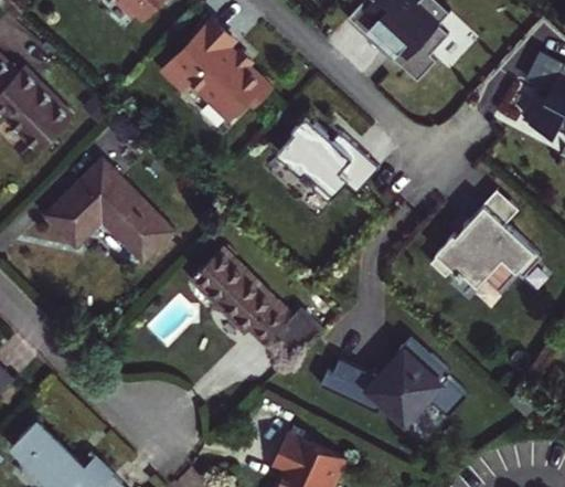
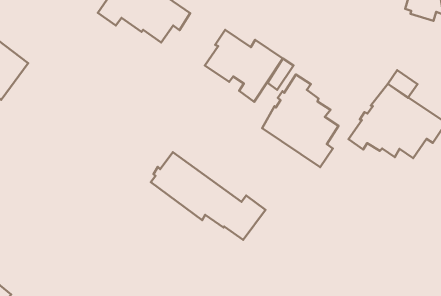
building: [39,165,168,266] -> none
building: none -> [262,74,339,167]
building: [318,336,468,423] -> none

